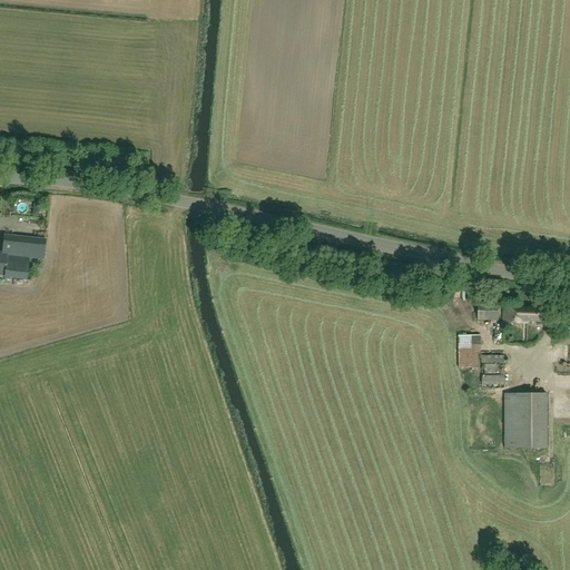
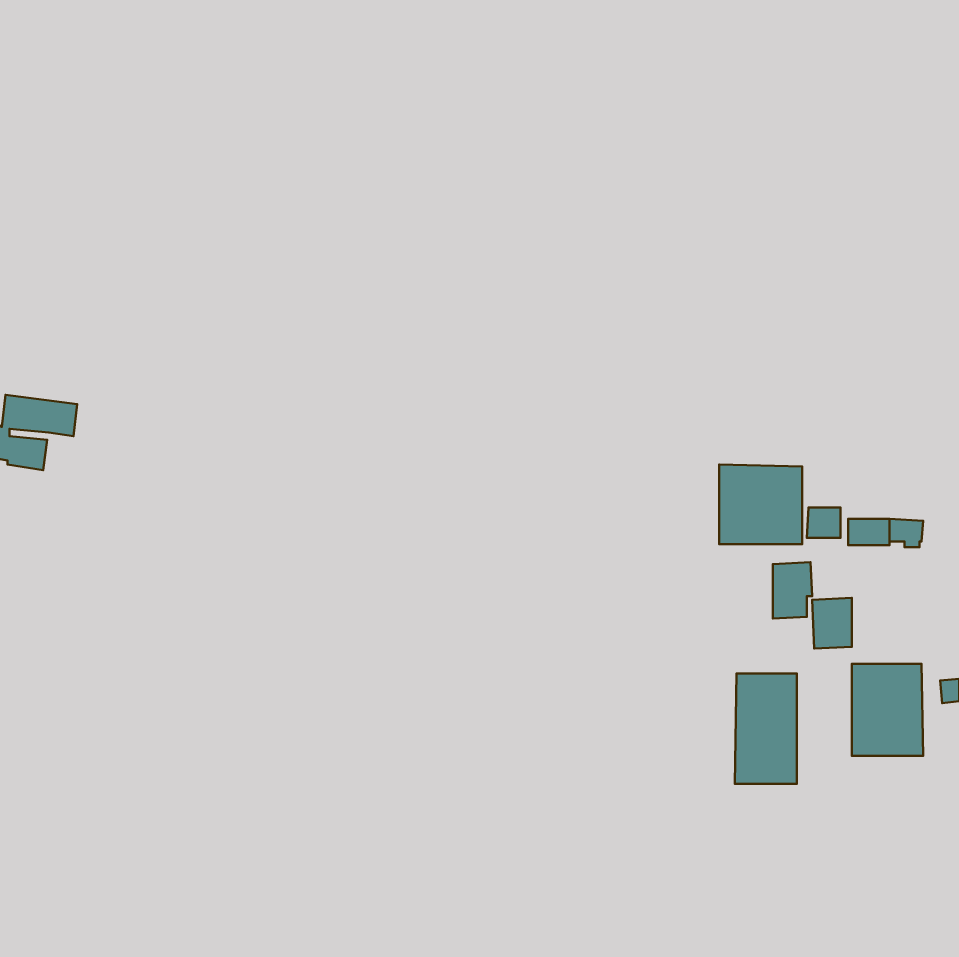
building: none -> [719,465,802,544]
building: none -> [735,673,797,784]

